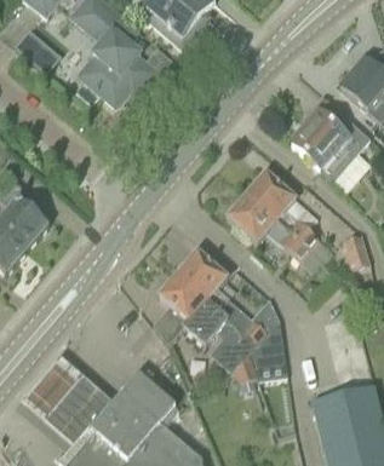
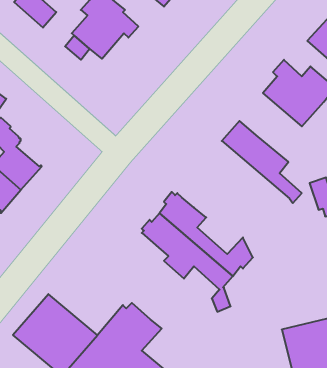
building: [227,195,323,271] -> none
building: [251,322,285,368] -> none

